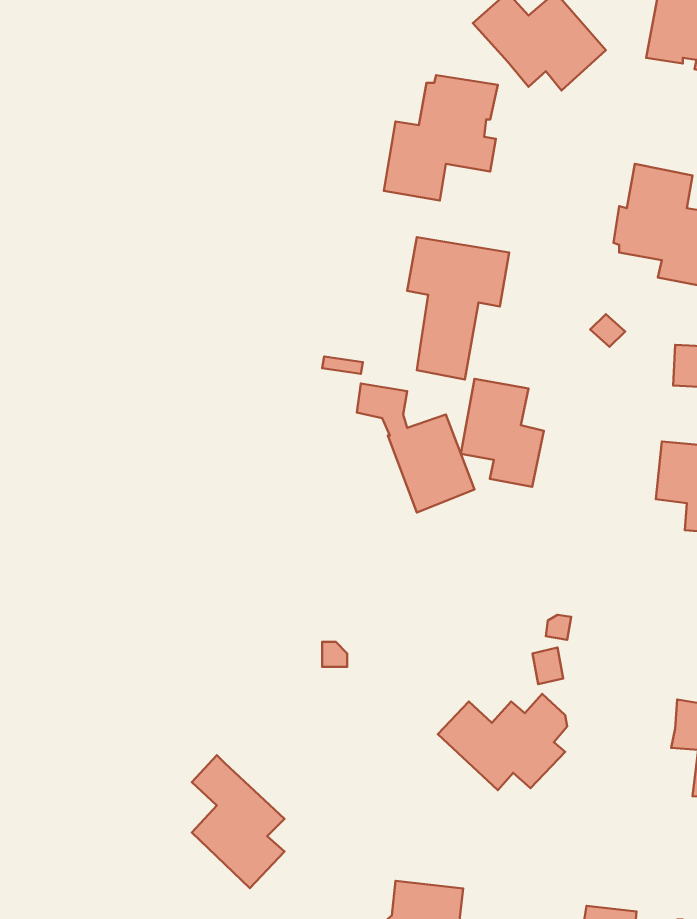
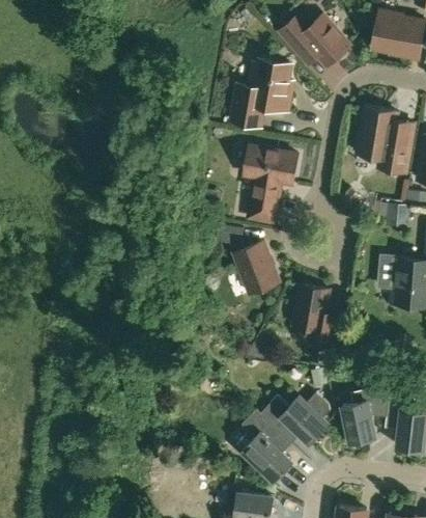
building: [461,379,544,487] -> [293,285,338,344]
building: none -> [343,388,390,443]
building: [192,755,284,888] -> [243,410,292,482]

